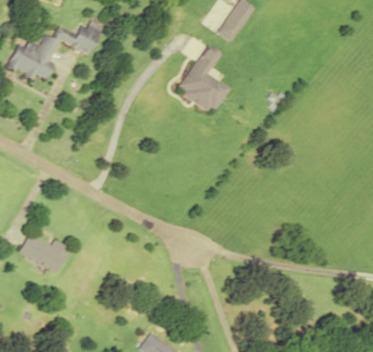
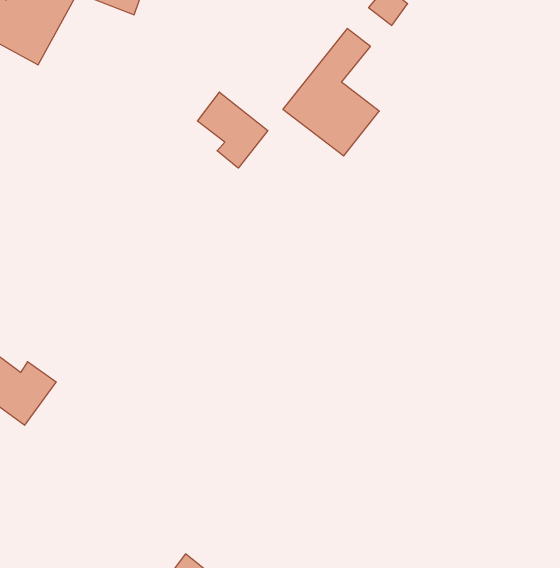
building: none -> [197,92,268,168]

